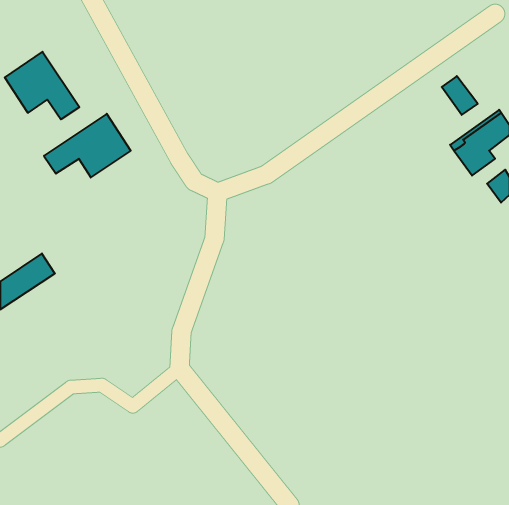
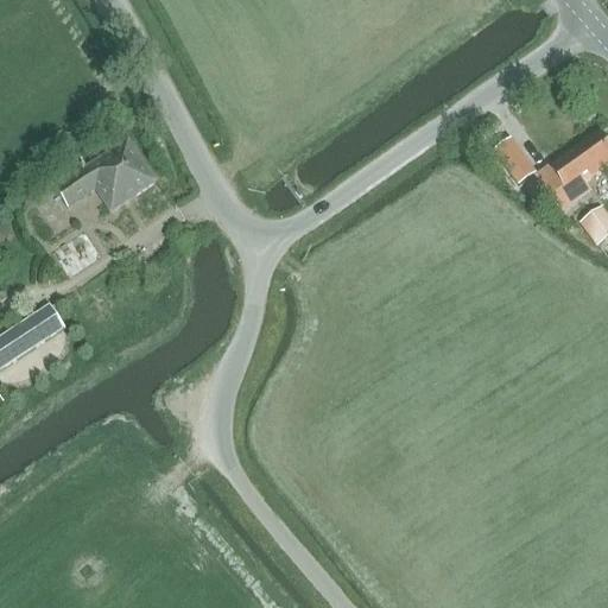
building: [5,52,79,119] -> none
building: [442,76,478,115] -> [494,135,537,182]

